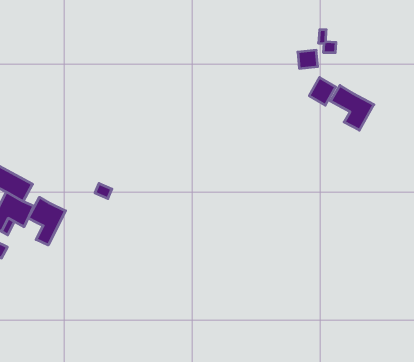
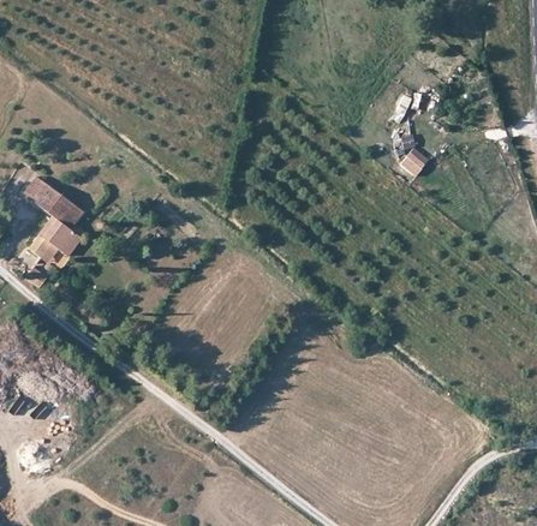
building: [330,85,374,130] -> none
building: [28,197,66,245] -> none

